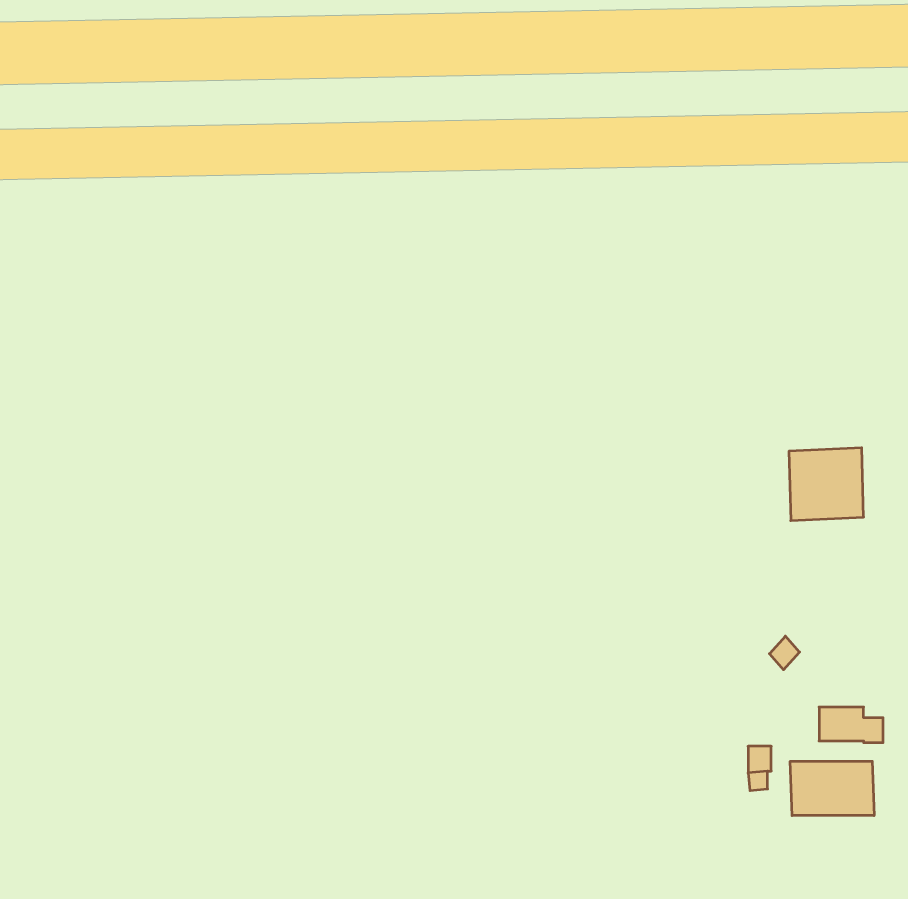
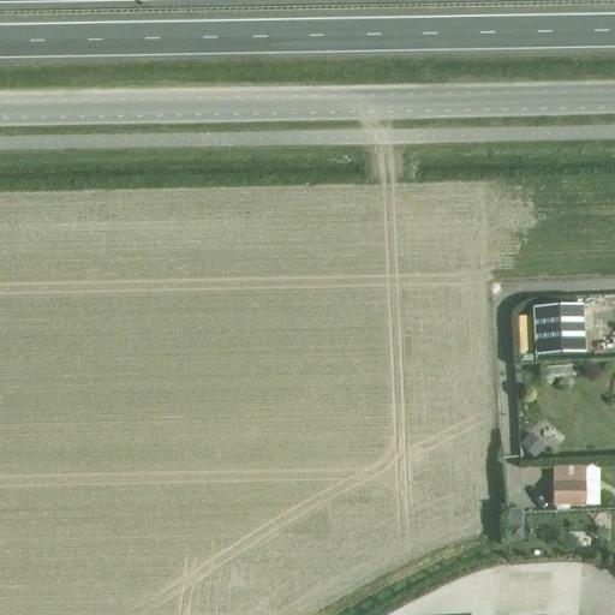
building: [790,761,874,816] -> none

